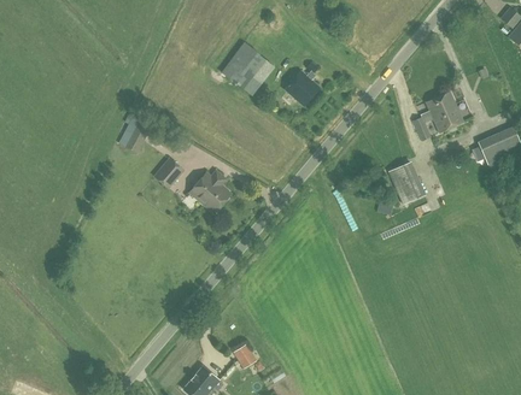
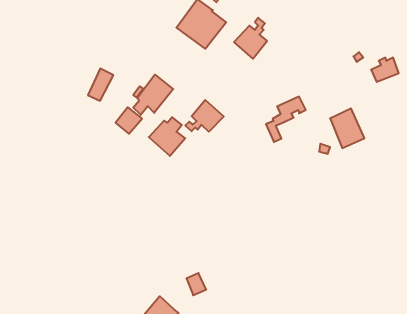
building: [414,89,457,138] -> [266,97,306,142]
building: none -> [133,75,173,115]
building: none -> [185,100,224,132]

